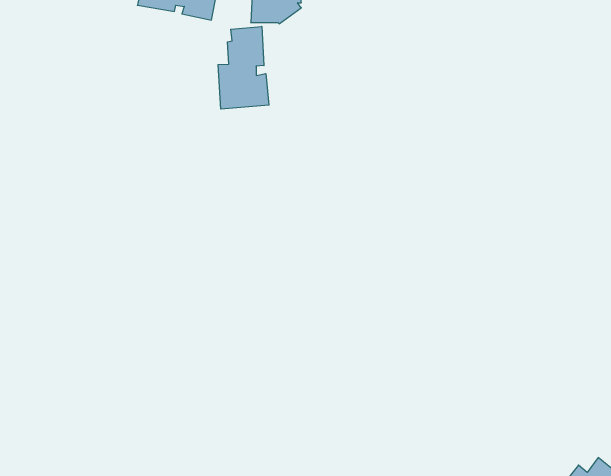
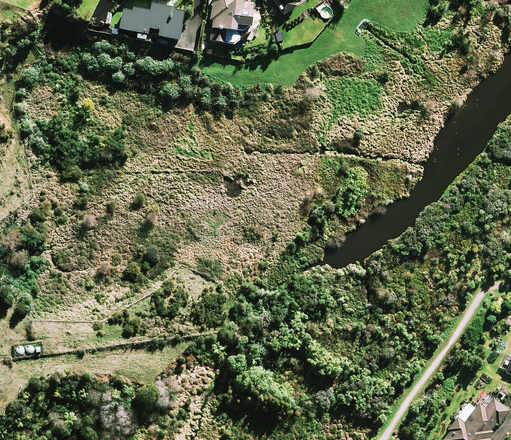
building: [218,26,269,109] -> none

